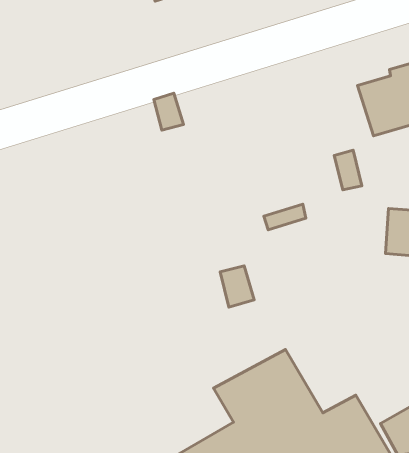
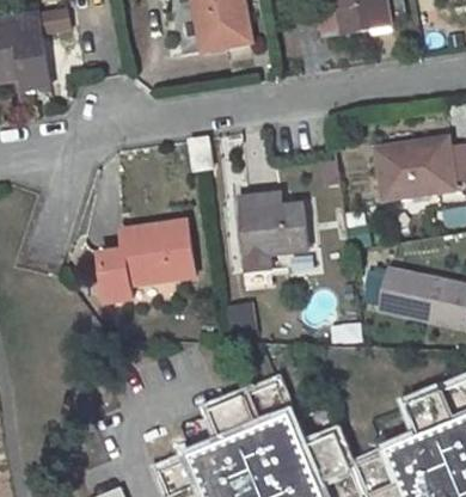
building: none -> [241,204,307,256]
building: none -> [98,220,194,300]

